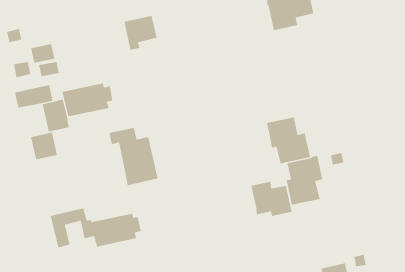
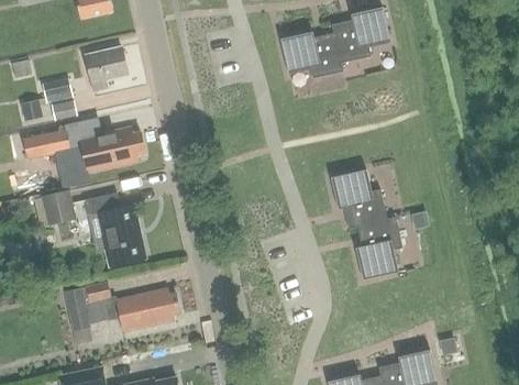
building: none -> [280,32,342,79]
building: [124,15,158,51] -> [85,46,126,90]
building: [109,127,159,186] -> [84,193,145,265]
building: [251,181,292,217] -> none

